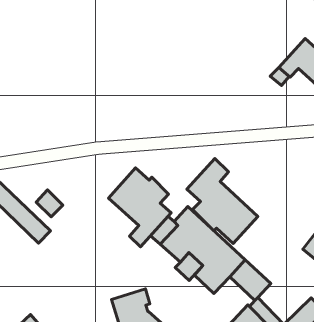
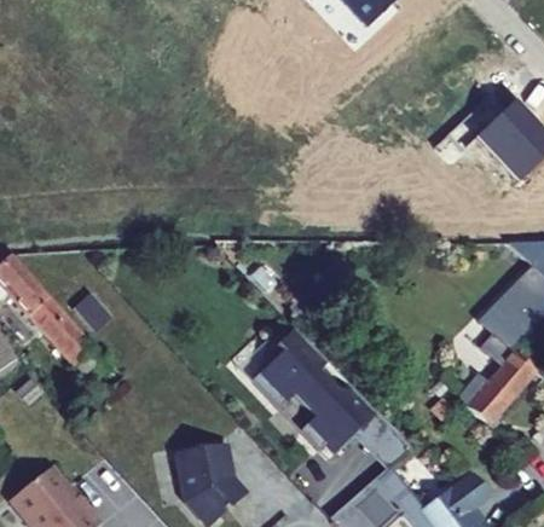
building: [187,159,258,244] -> none
building: [109,168,171,247] -> none

